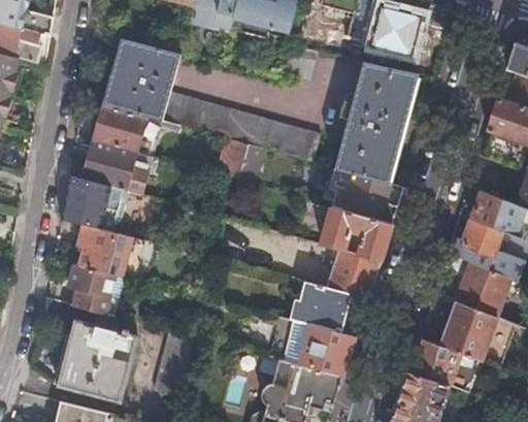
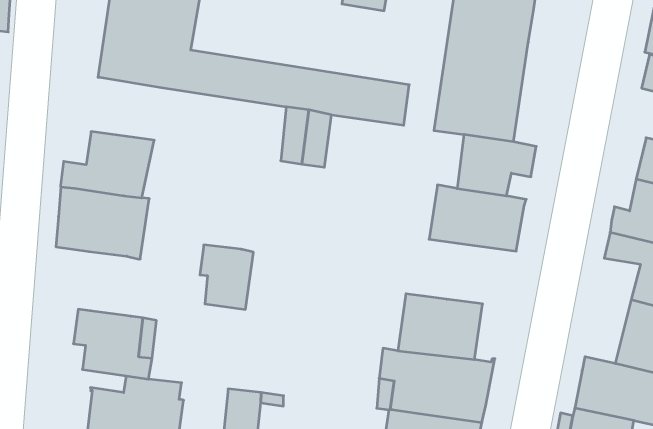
building: [94,103,146,152] -> none
building: [77,224,117,272] -> [200,245,253,309]
building: [328,249,381,297] -> none

